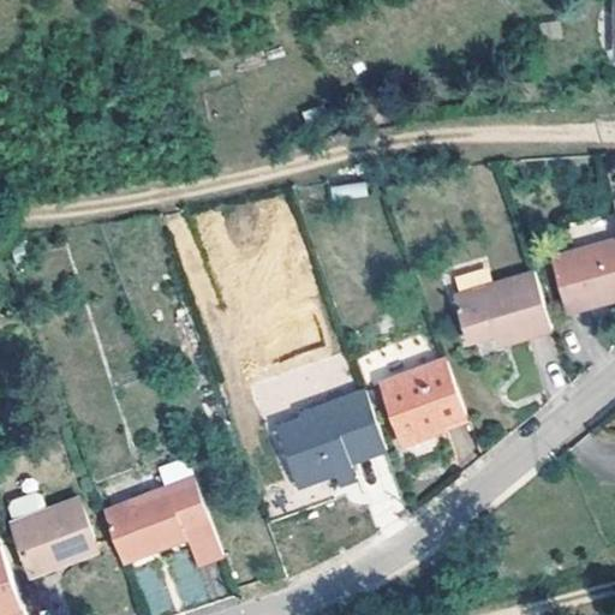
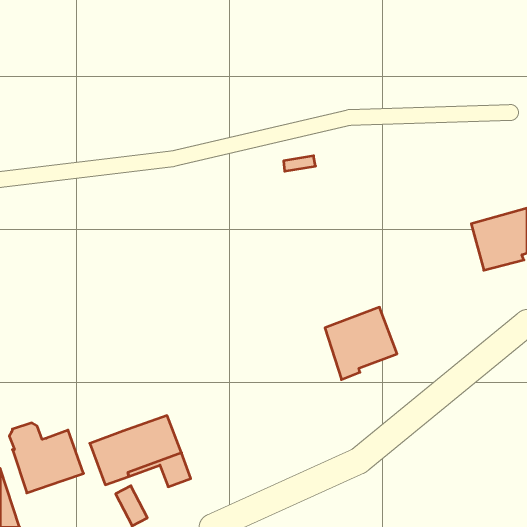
building: [453,271,550,340] -> none
building: [274,388,383,484] -> none

